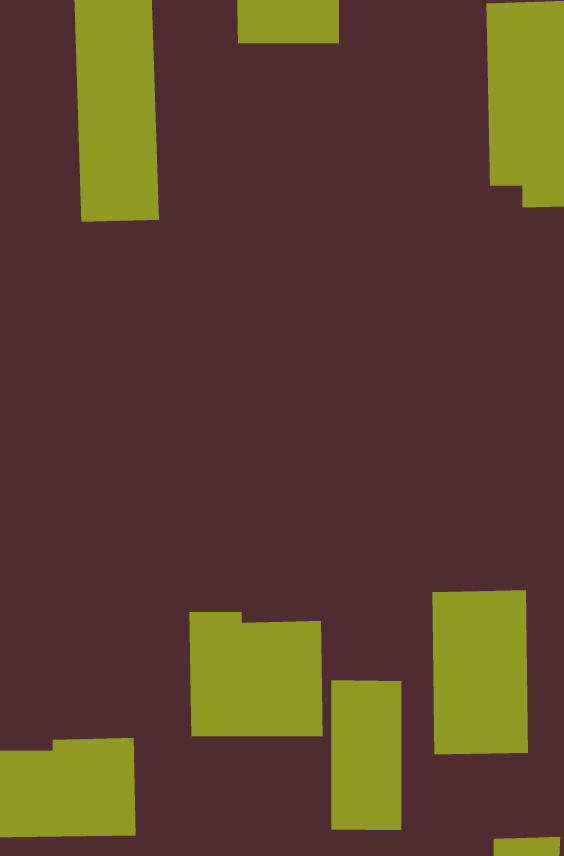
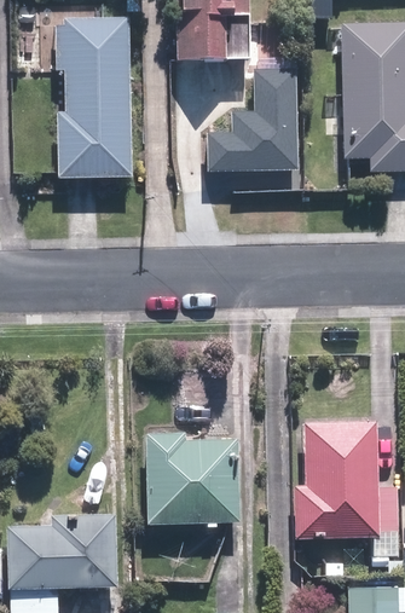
building: none -> [199,62,297,168]
building: [330,680,402,831] -> none

